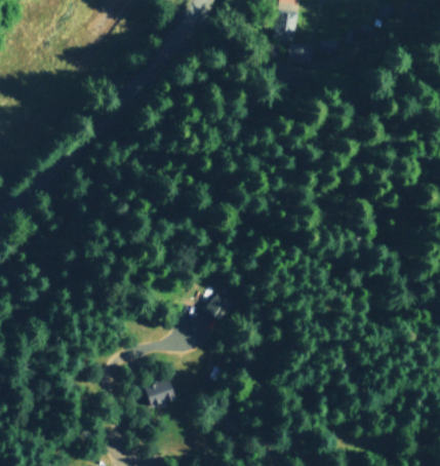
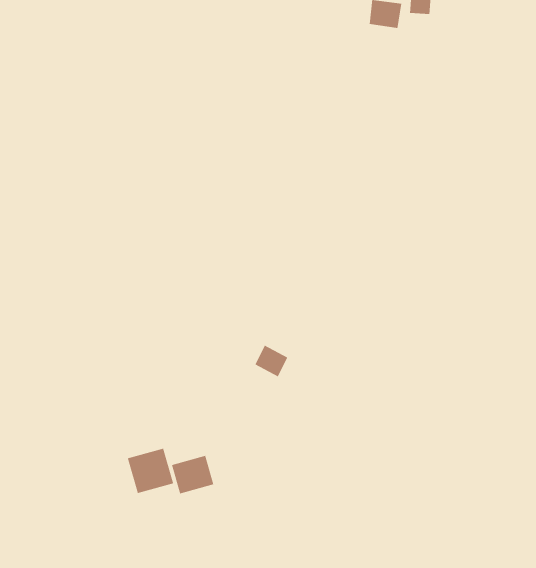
building: none -> [127,448,174,494]

